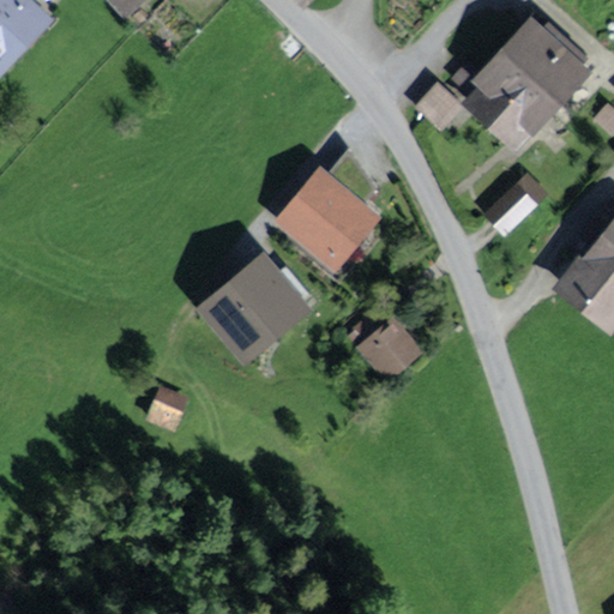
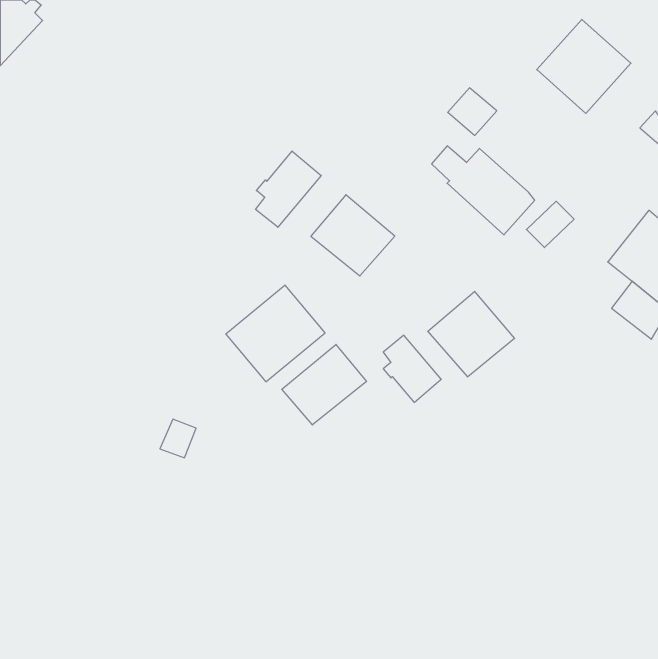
building: [456,62,552,145] -> [432,146,535,235]
building: none -> [256,151,321,227]
building: none -> [428,291,515,377]
building: none -> [282,344,367,425]

